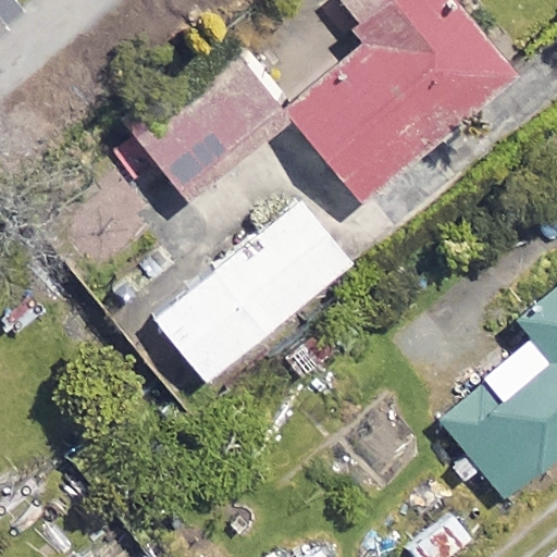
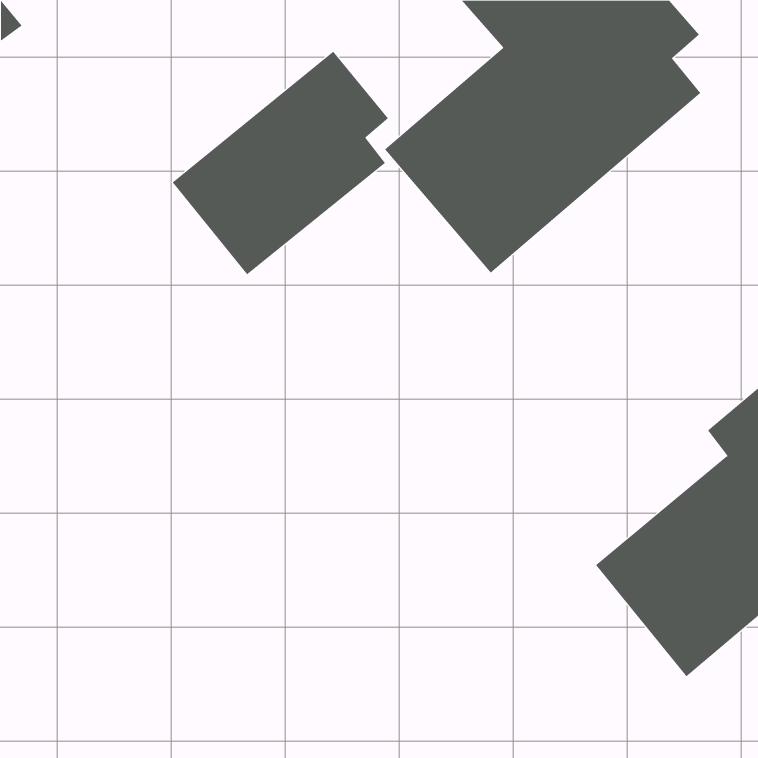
building: [153,202,350,384] -> none

